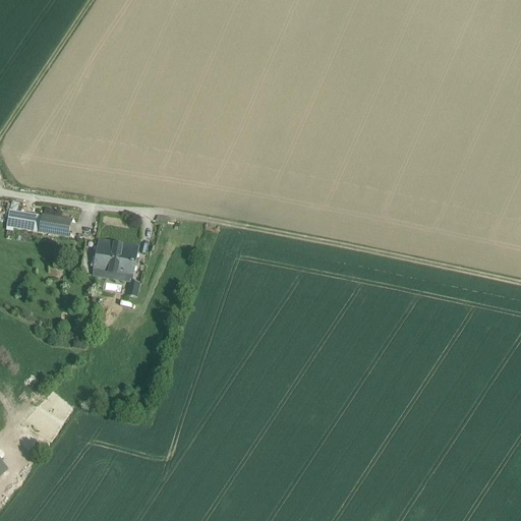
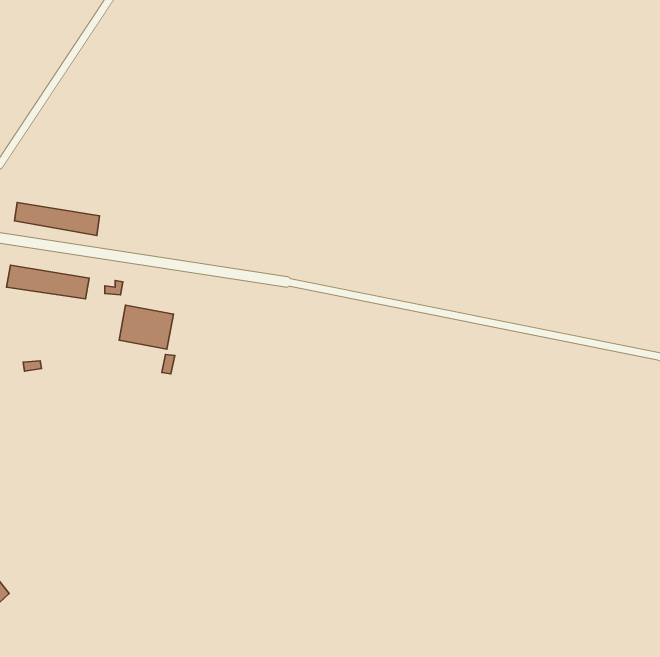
building: none -> [15,202,100,235]

